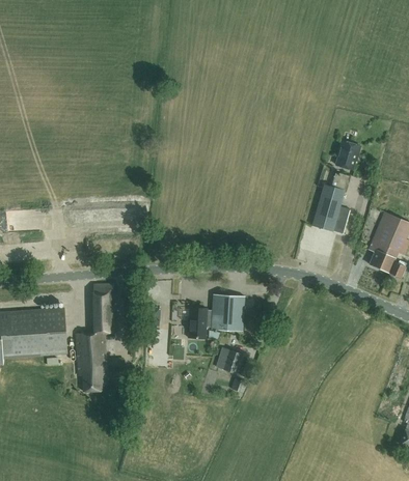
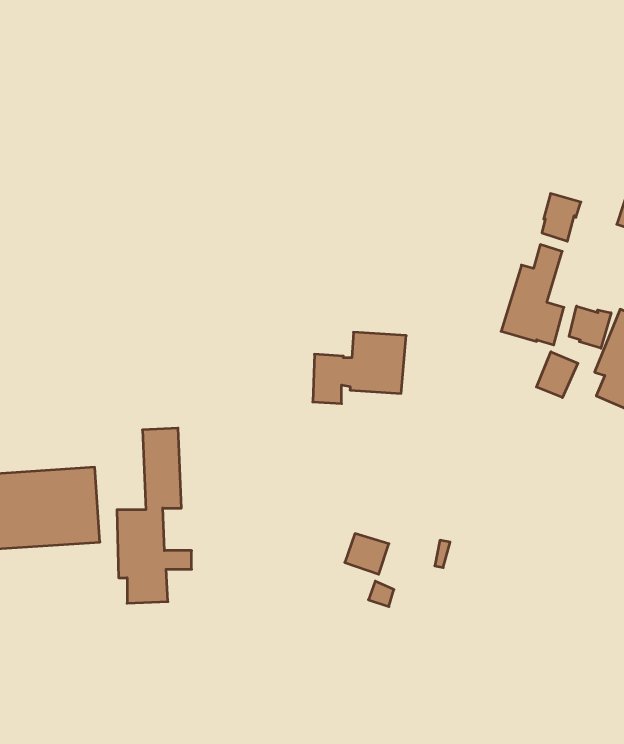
building: none -> [569,306,611,348]
building: none -> [536,352,578,398]
building: [188,293,245,337] -> [313,332,406,404]

